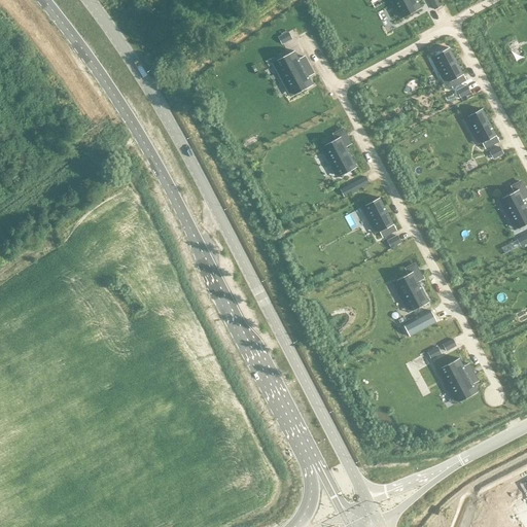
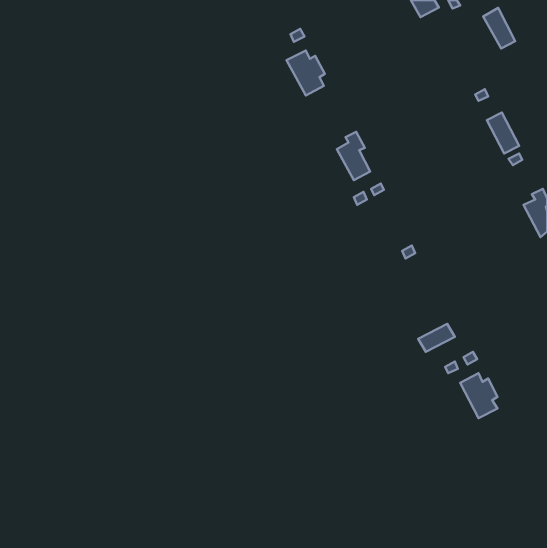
building: [434,46,465,85] -> [483,8,515,49]
building: [364,197,396,236] -> none
building: [396,264,428,310] -> none

